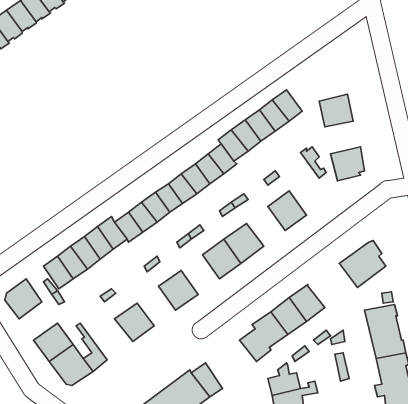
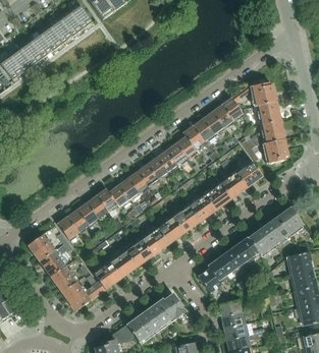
building: none -> [233,80,275,106]
building: none -> [259,120,284,143]
building: none -> [233,159,262,187]
building: none -> [203,181,230,210]
building: none -> [156,216,183,244]
building: none -> [247,223,282,255]
building: none -> [124,238,152,267]
building: none -> [40,249,67,277]
building: none -> [93,261,121,290]

